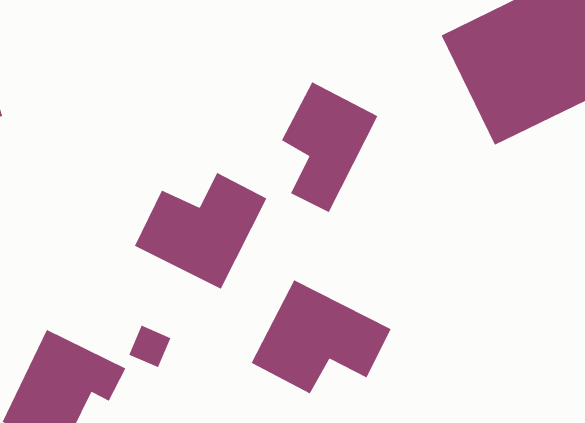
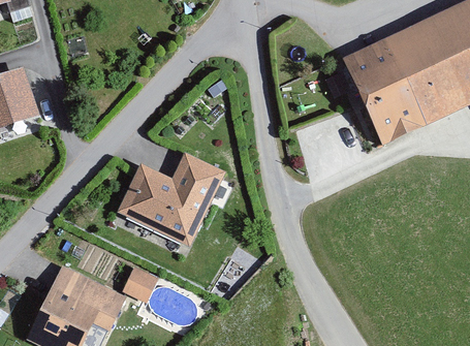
building: [281,81,379,213] -> none
building: [251,279,392,395] -> none

